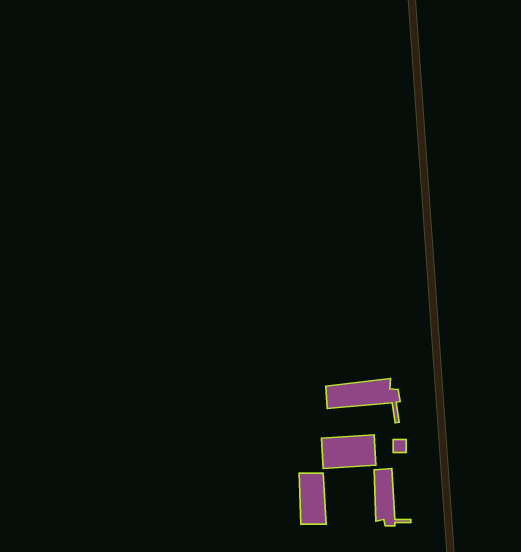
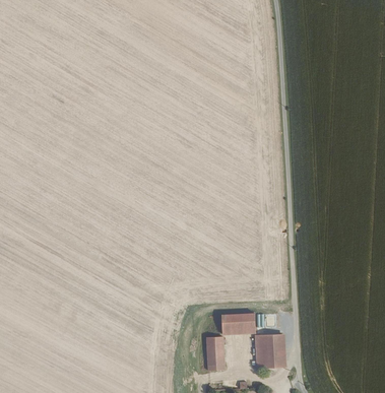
building: [326,378,400,423] -> none
building: none -> [266,333,285,367]

